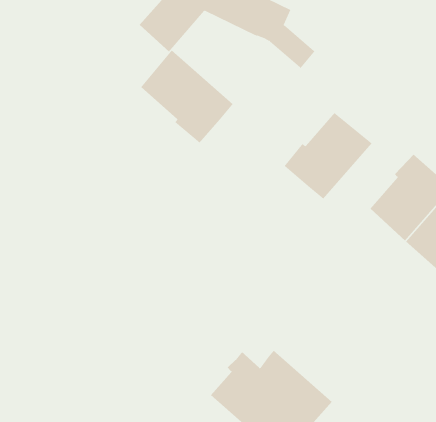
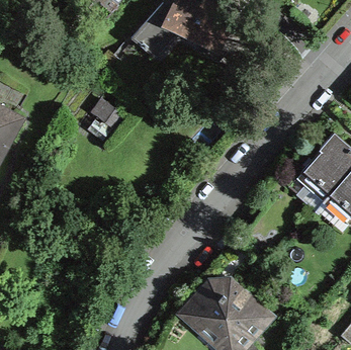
building: [140,49,233,143] -> none
building: [284,112,372,200] -> none

